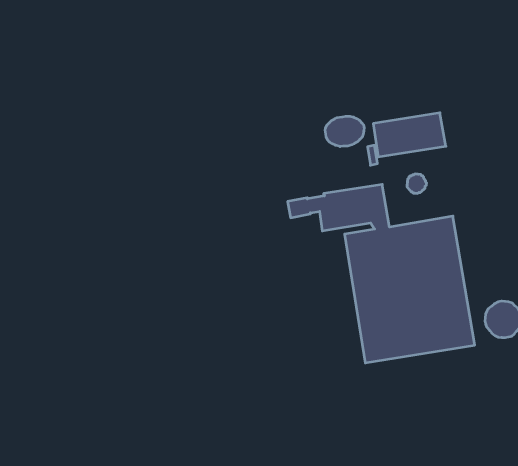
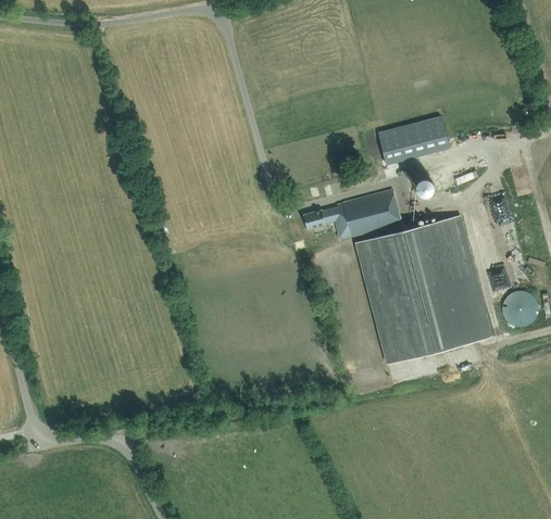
building: [325,116,364,147] -> none

